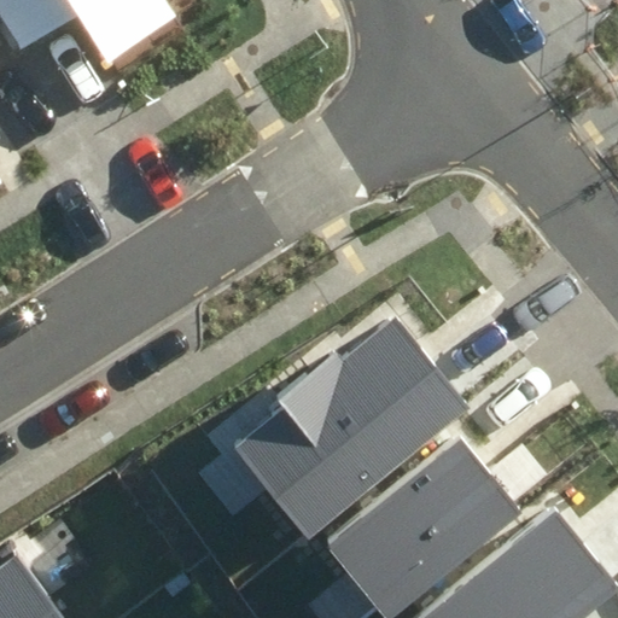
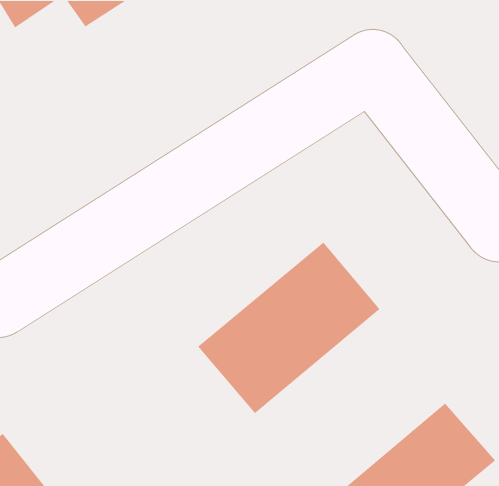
building: [328,430,517,608] -> none

